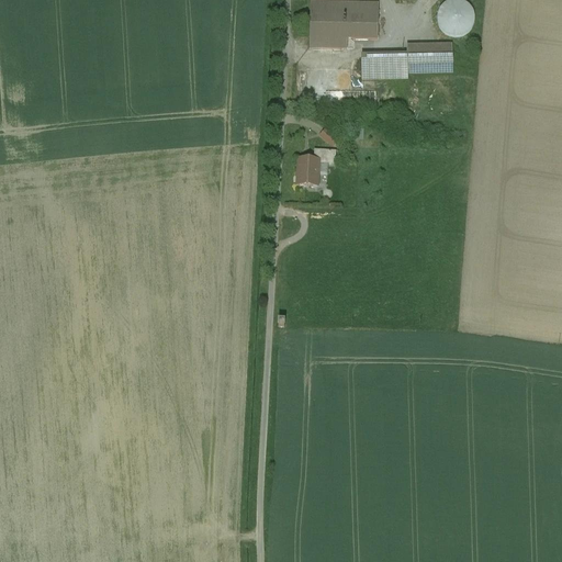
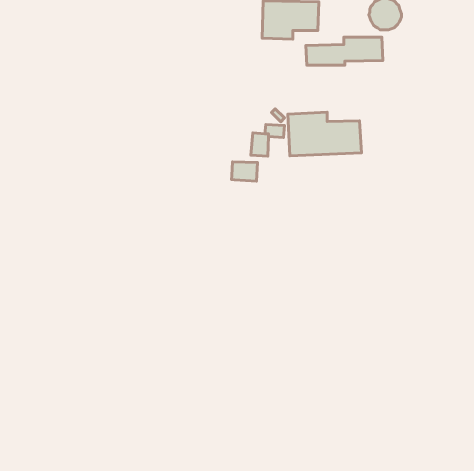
building: none -> [288,112,361,156]
building: none -> [231,162,257,181]

